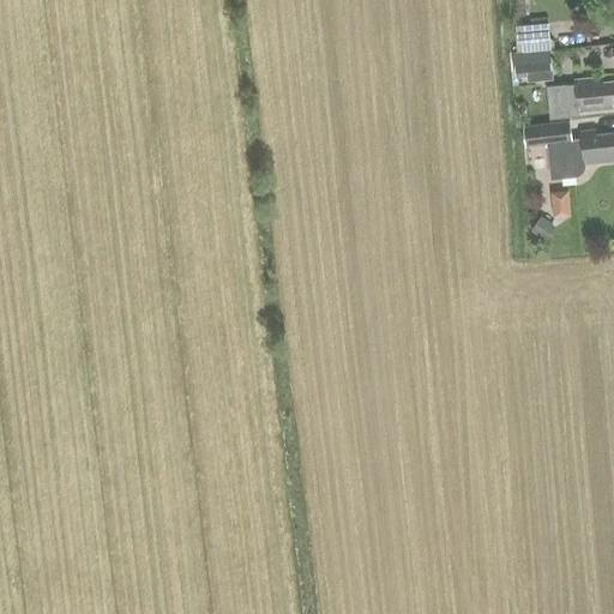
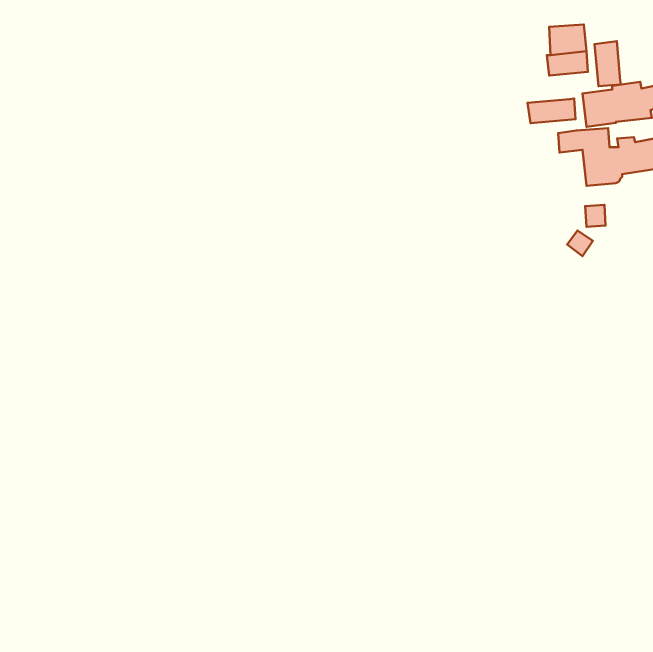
building: none -> [595,41,621,86]
building: none -> [528,98,576,123]

